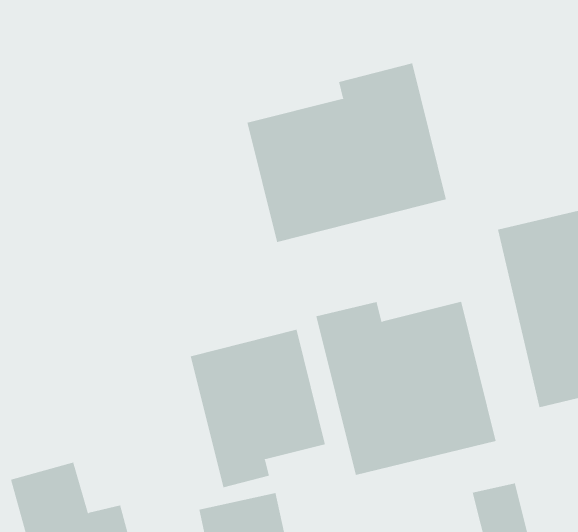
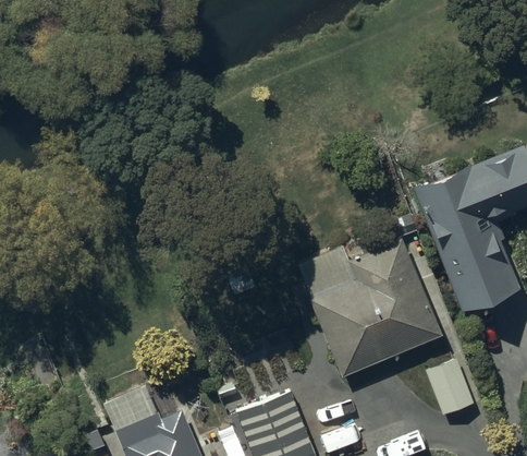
building: [247,62,446,243] -> none
building: [190,329,326,488] -> none

